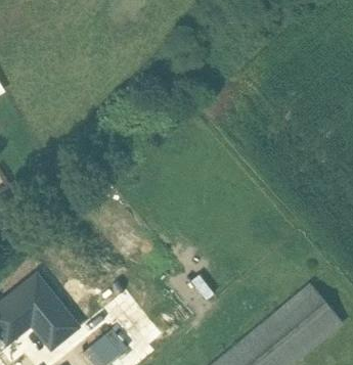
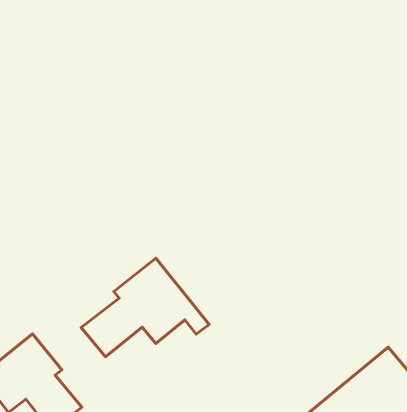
building: none -> [81,258,209,357]

